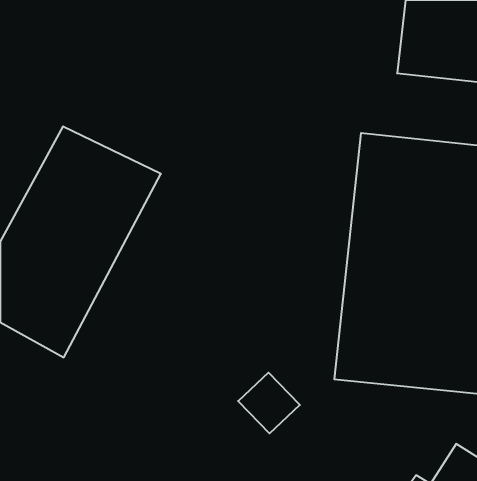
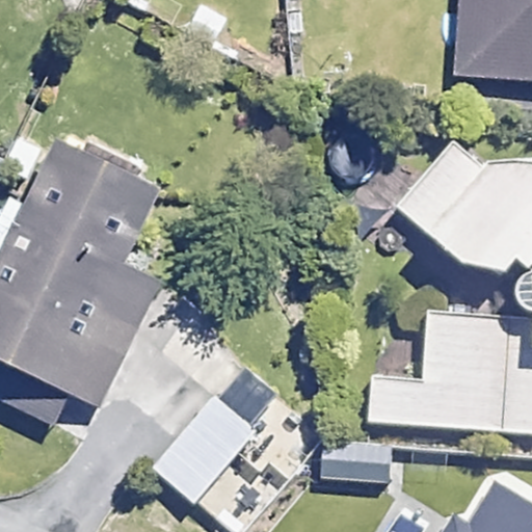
building: none -> [152,395,263,507]

